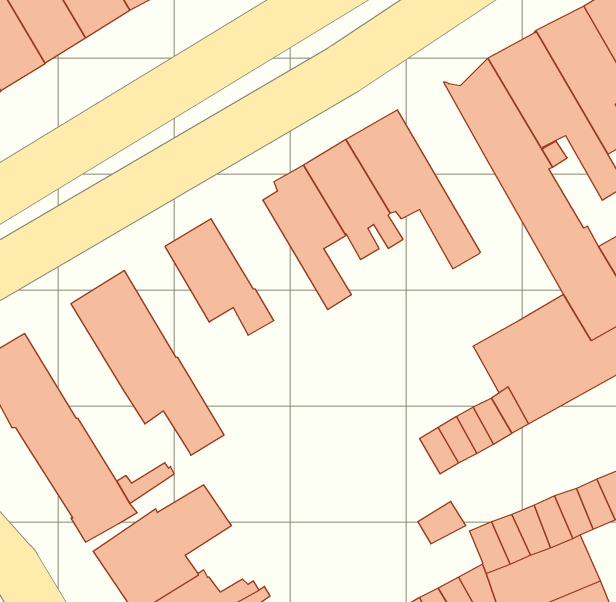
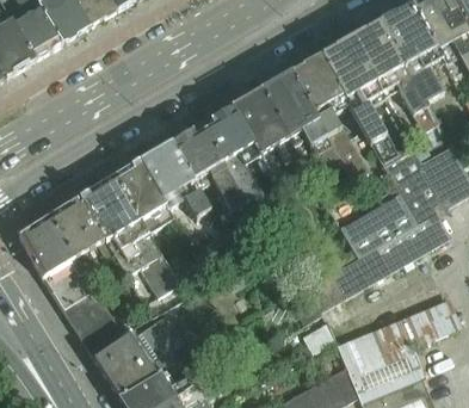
building: none -> [290,54,366,180]
building: none -> [169,129,245,209]
building: none -> [113,160,173,231]
building: none -> [49,197,112,271]

